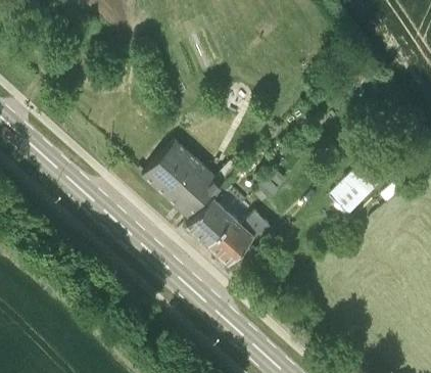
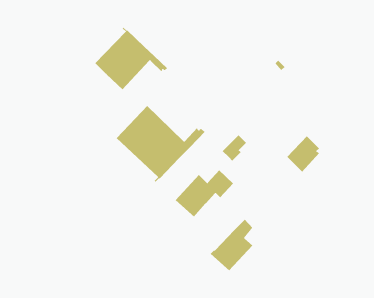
building: none -> [94,27,168,90]
building: [186,186,234,244] -> [210,219,253,271]

